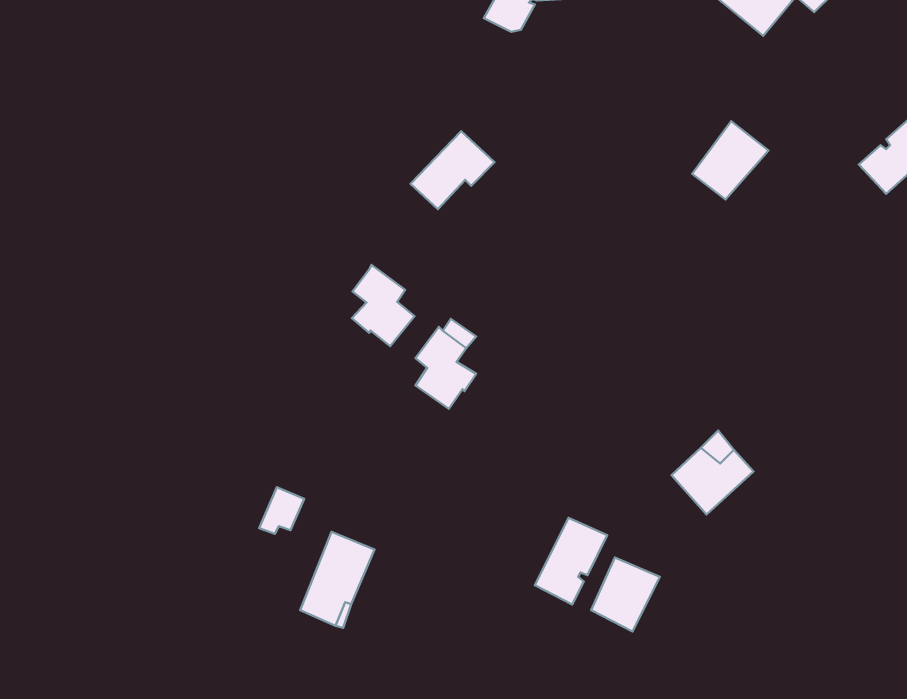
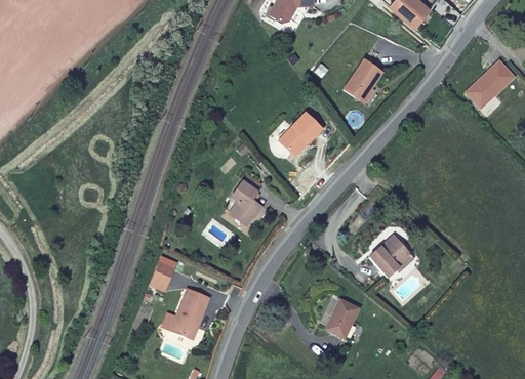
building: [692,121,768,199] -> [341,57,381,98]
building: [410,131,494,209] -> [278,113,322,154]
building: [352,265,414,346] -> none
building: [535,518,607,605] -> none

